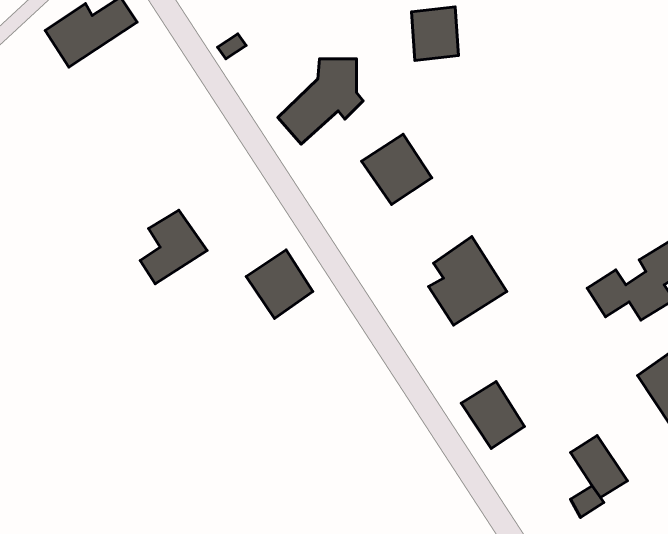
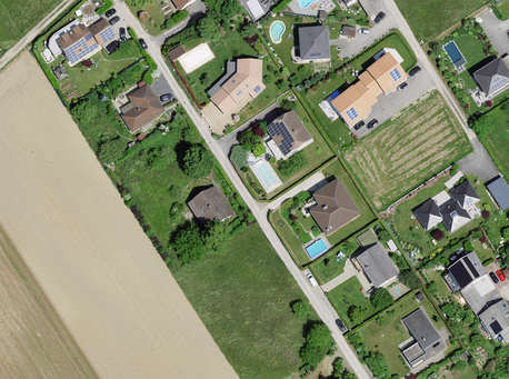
building: none -> [331,52,410,129]
building: [140,210,207,284] -> [120,83,164,132]
building: [461,381,525,448] -> [355,243,397,288]

